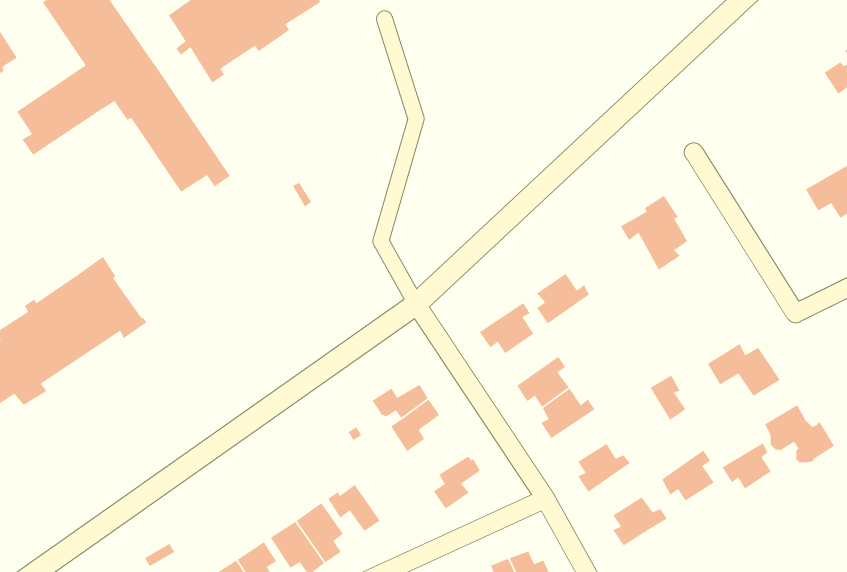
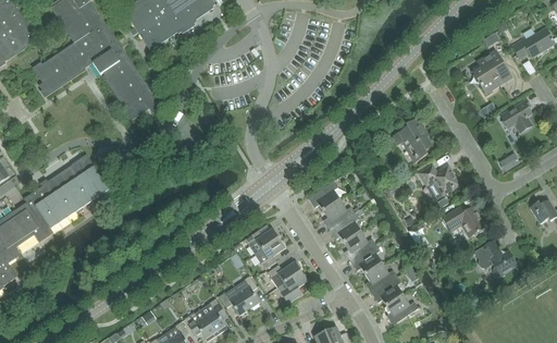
building: none -> [472,50,506,91]
building: [536,273,590,325] -> [322,199,354,230]
building: none -> [417,164,457,194]
building: none -> [349,244,382,274]
building: none -> [267,260,300,287]
building: [722,442,772,490] -> none
building: [661,450,715,501] -> [371,275,403,306]
building: none -> [234,275,259,309]

